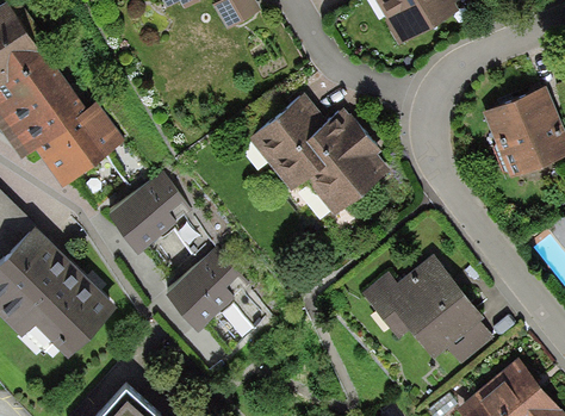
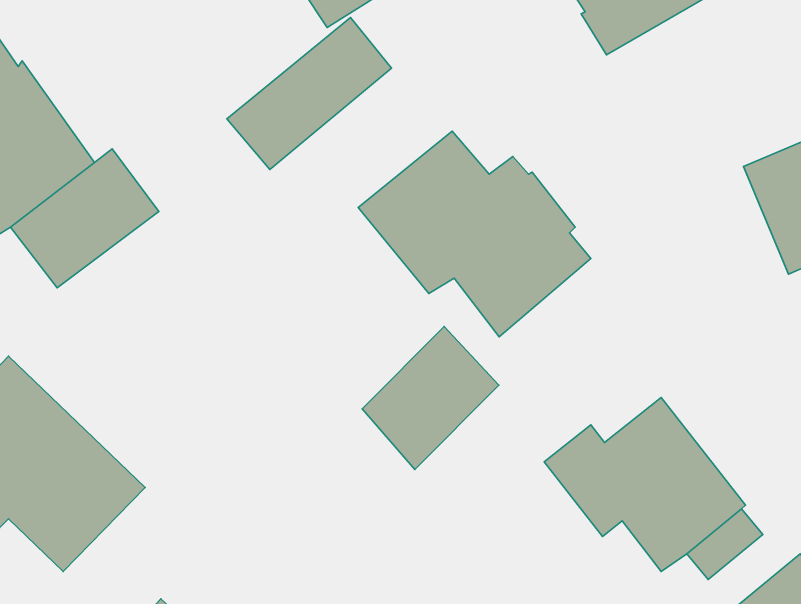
building: none -> [227,18,392,170]
building: [108,170,191,257] -> none
building: [166,247,249,334] -> [362,327,499,469]

